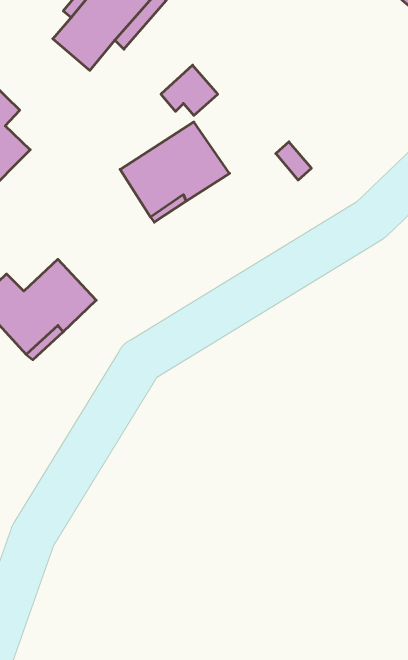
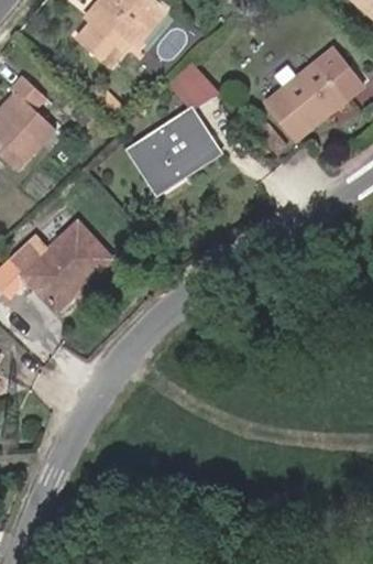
building: none -> [263,45,360,137]

